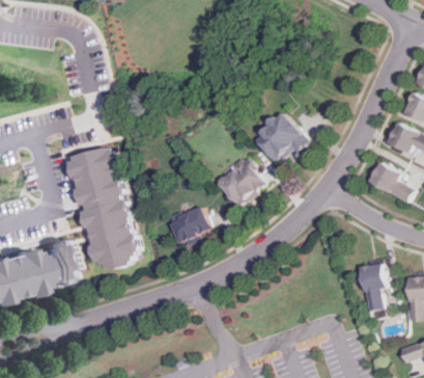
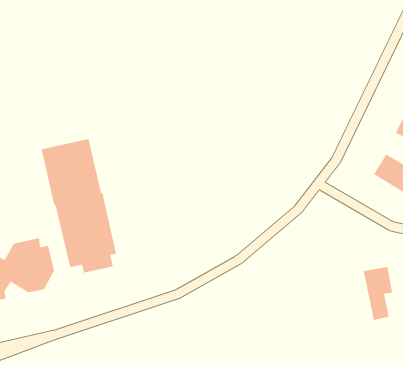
building: [253,113,309,163] -> none
building: [217,159,264,207] -> none
building: [169,206,211,247] -> none

